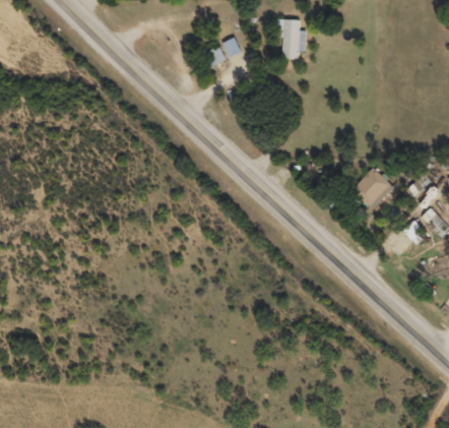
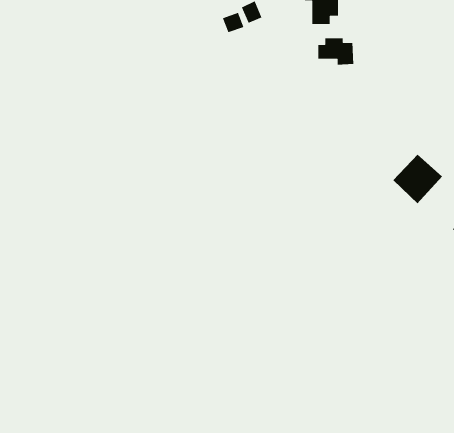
building: none -> [318,37,354,65]

